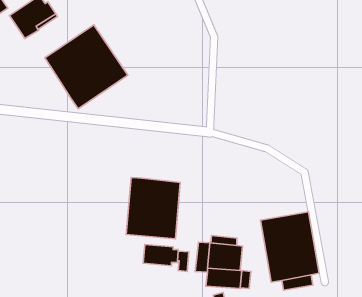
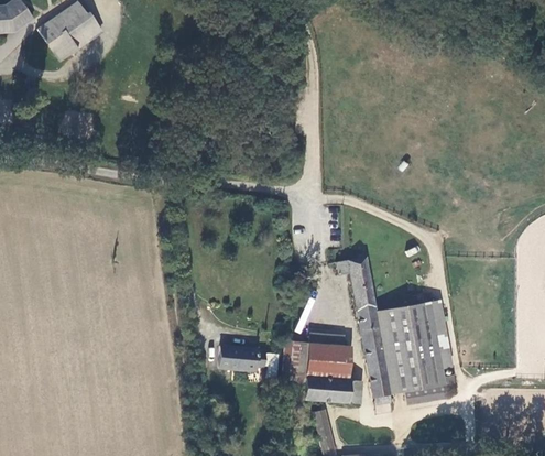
building: [45,25,128,109] -> none
building: [126,178,180,239] -> none
building: none -> [335,254,391,402]

